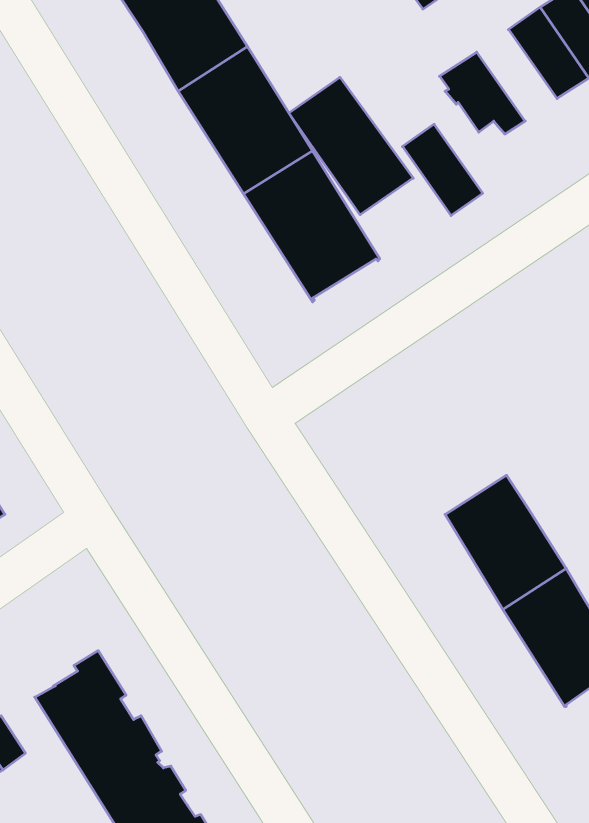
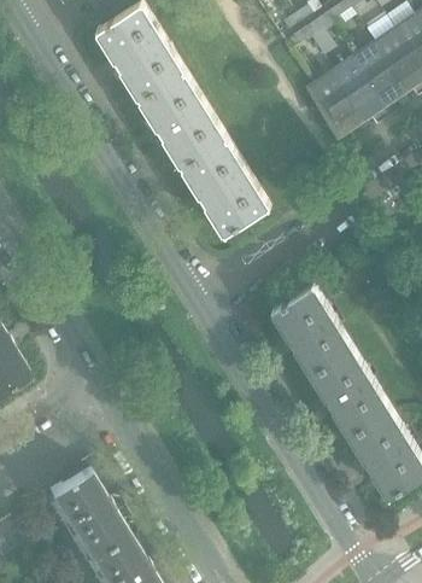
building: [289,77,413,215] -> none
building: [402,124,483,216] -> [333,62,385,121]
building: none -> [272,286,352,375]

